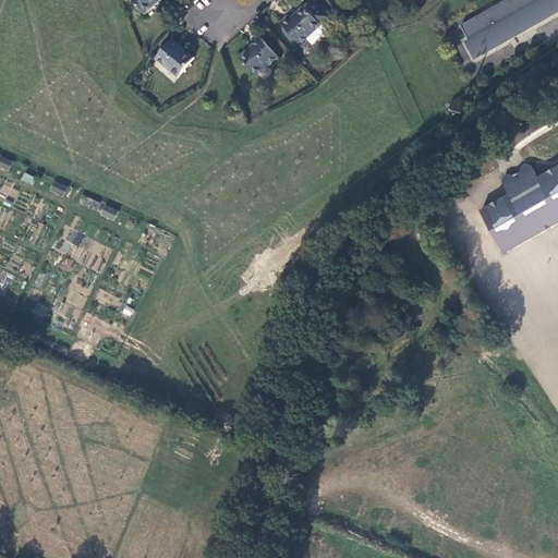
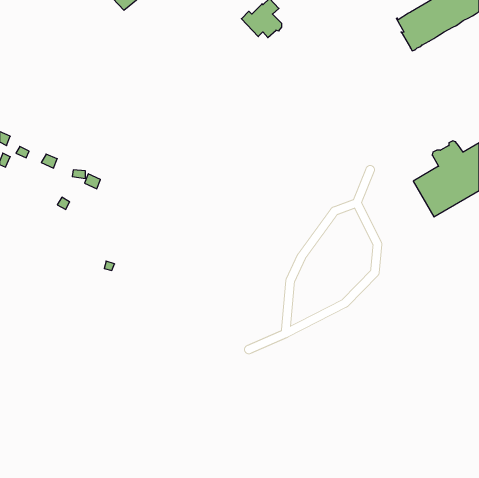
building: [240,36,278,75] -> none
building: [156,37,194,75] -> none

